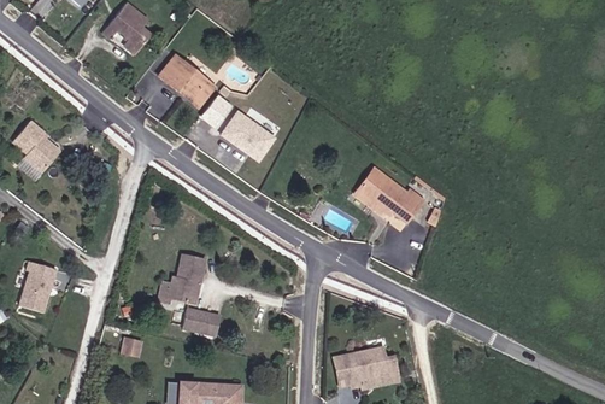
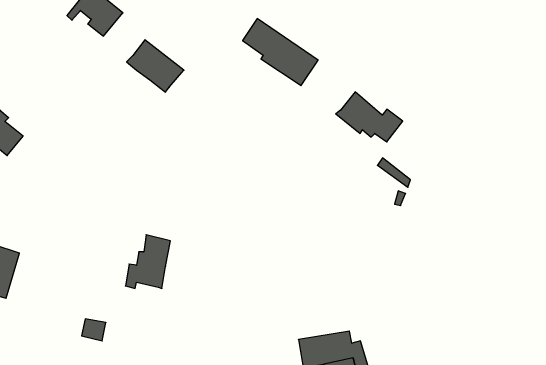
building: [201,96,276,163] -> [243,19,318,86]
building: [356,171,422,221] -> [336,92,403,142]
building: [180,305,222,338] -> none

